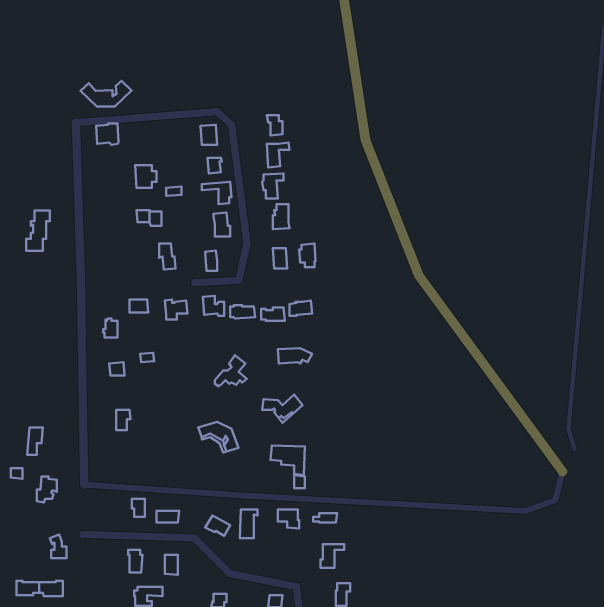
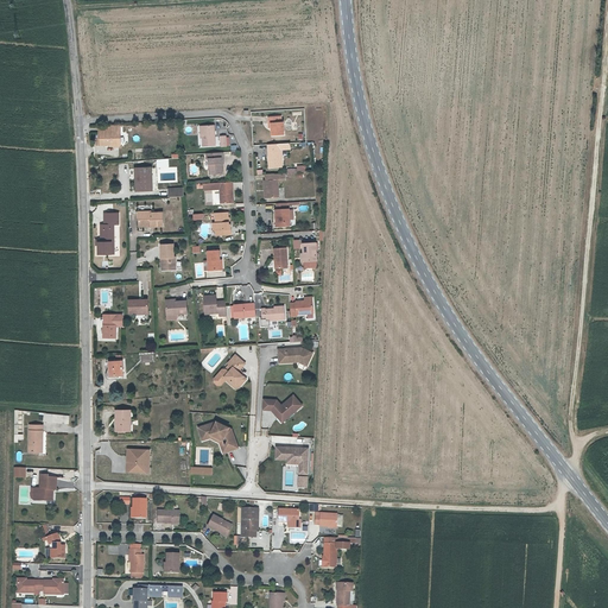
building: [81,81,132,107] -> none
building: [26,210,50,251] -> [96,210,120,251]
building: none -> [122,448,146,473]

